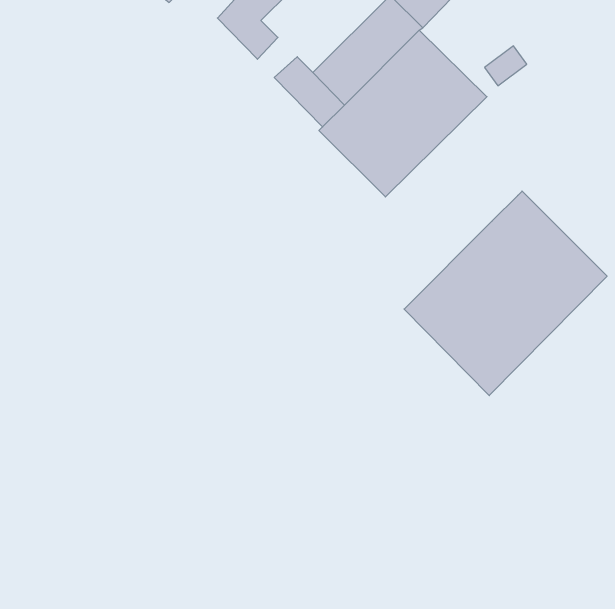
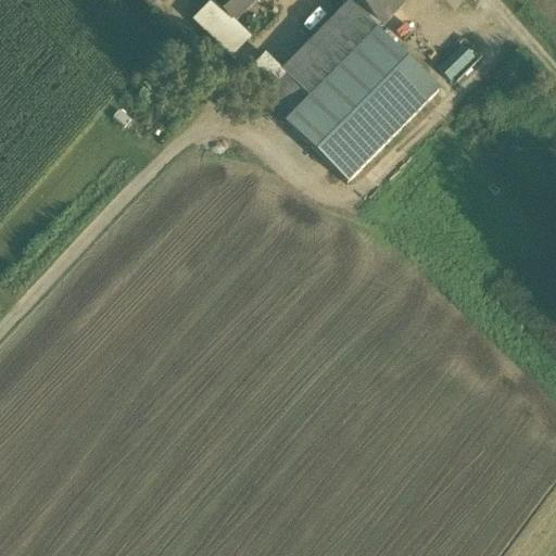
building: [404,191,607,396] -> none

